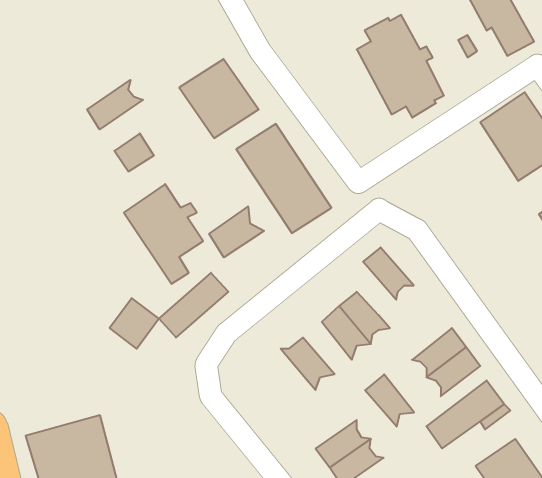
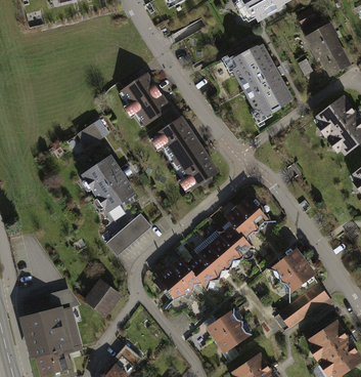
building: [87,80,143,129] -> none
building: [209,206,264,257] -> none
building: none -> [226,206,259,241]
building: [110,298,159,349] -> [87,282,119,315]
building: none -> [157,258,201,298]
building: [365,374,414,427] -> [198,245,230,279]

